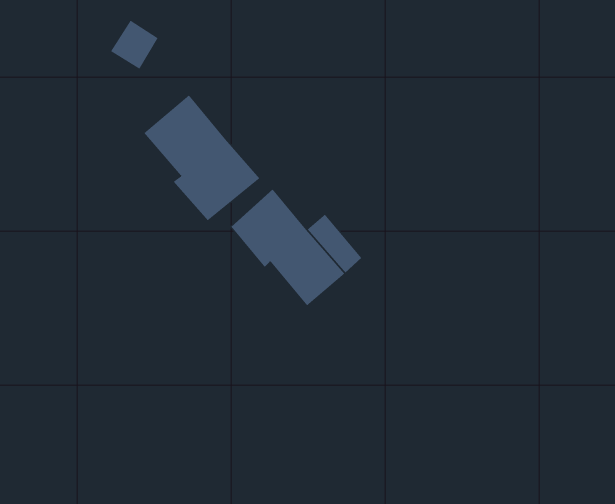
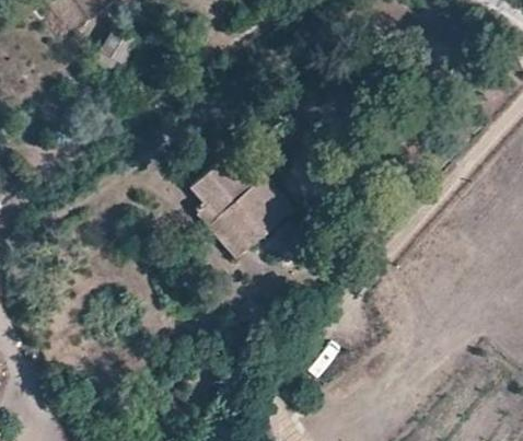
building: [144,94,260,221] -> none

